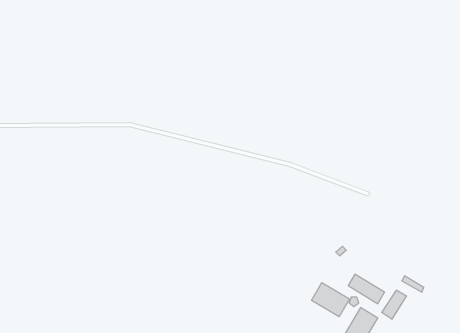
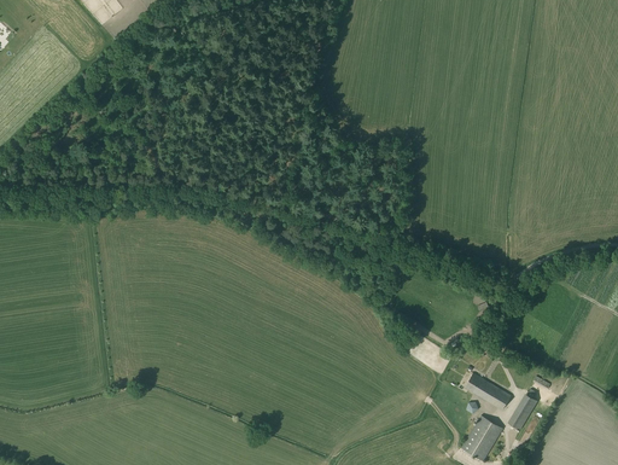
building: [312,283,349,317] -> none

